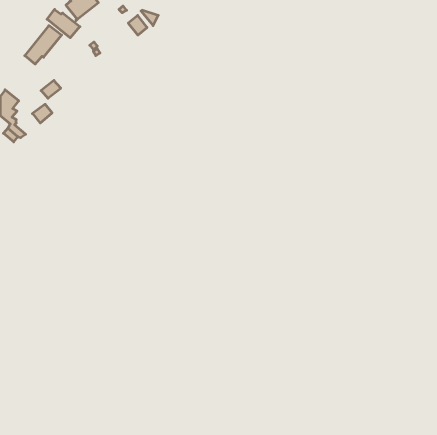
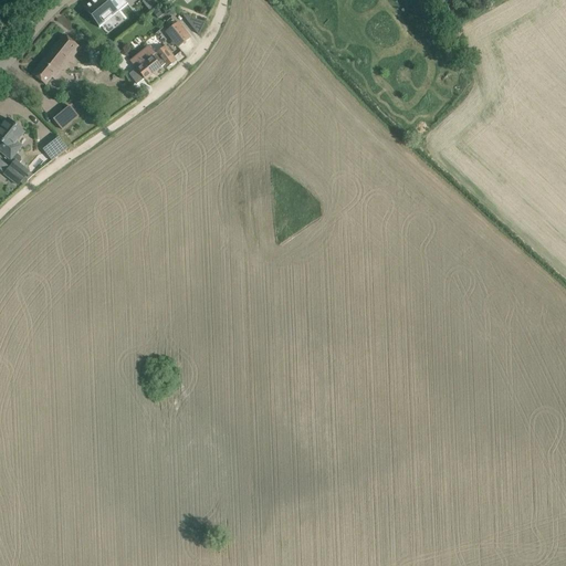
building: [47,9,80,38] -> none
building: none -> [136,44,176,78]

